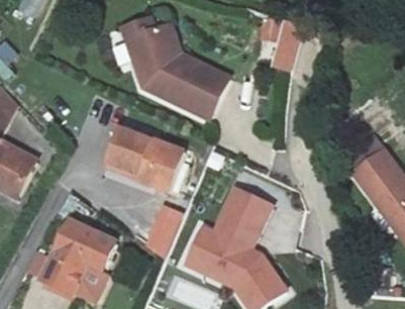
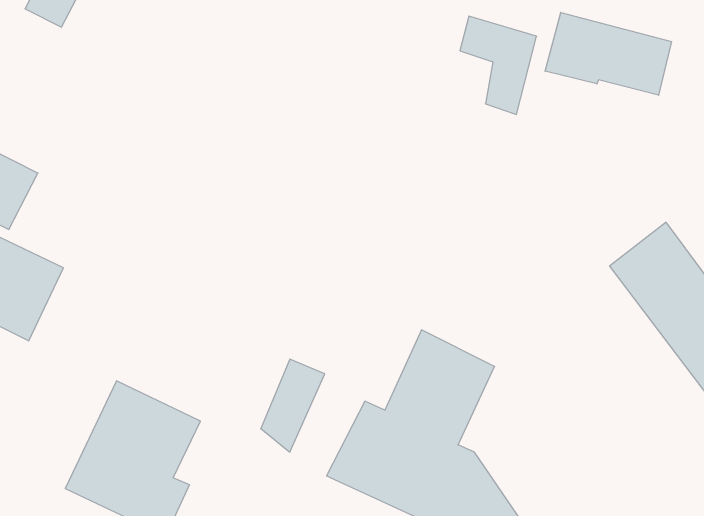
building: none -> [545,12,672,95]
building: [120,15,229,119] -> none
building: [105,126,186,192] -> none

